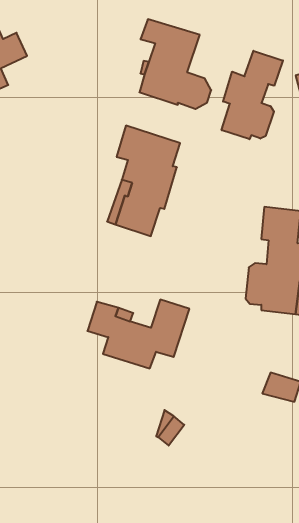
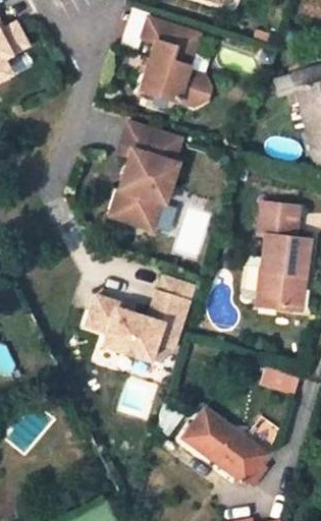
building: [222,51,283,139] -> none
building: none -> [182,408,267,483]

